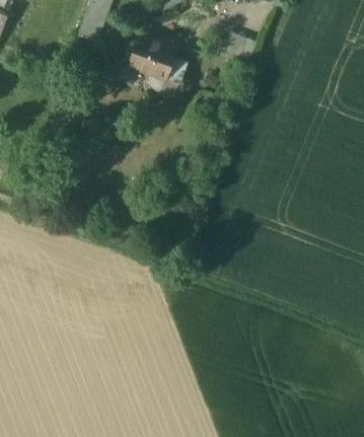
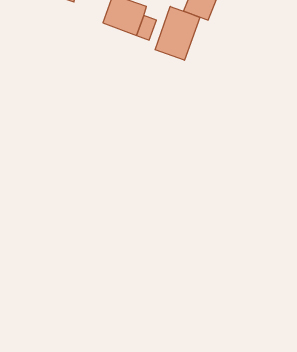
building: none -> [155,6,200,60]

